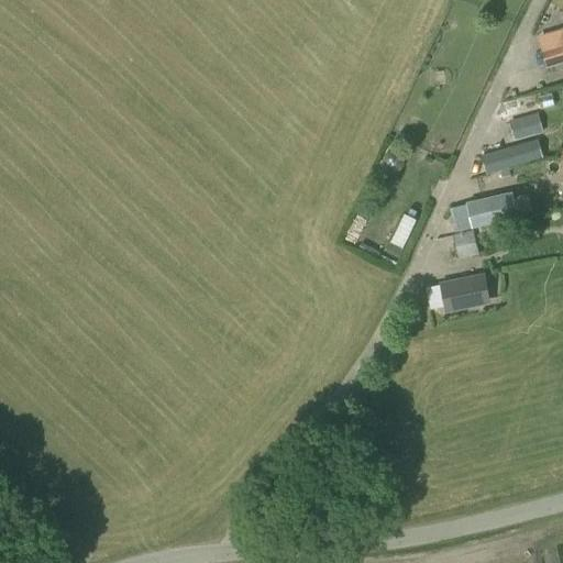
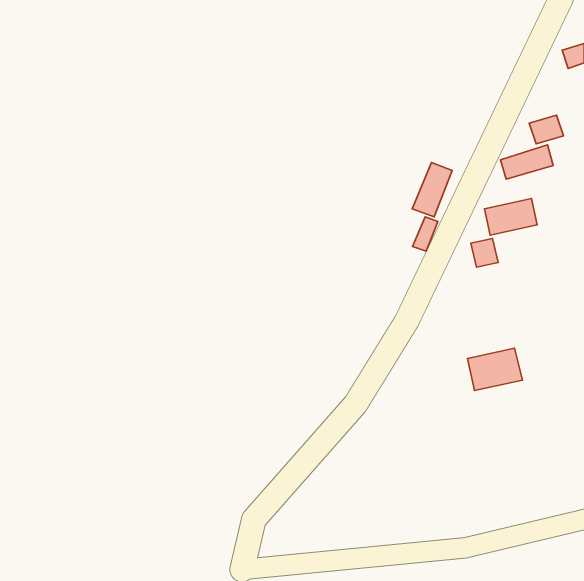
building: none -> [412,163,452,217]
building: [439,272,492,312] -> [467,348,522,390]

